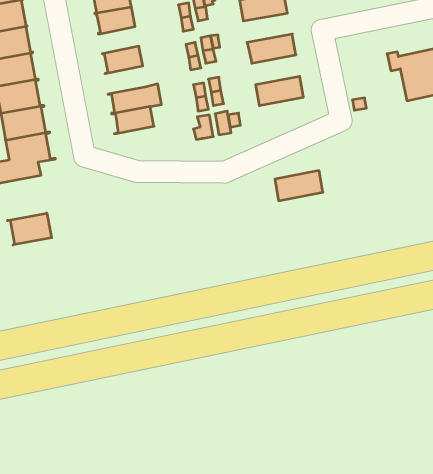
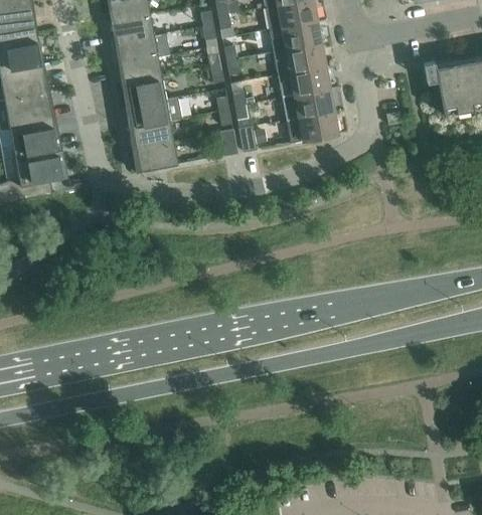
building: none -> [269,19,321,50]
building: none -> [114,33,157,62]
building: none -> [278,63,329,96]
building: none -> [121,75,165,106]
building: none -> [131,140,177,170]
building: [275,171,323,201] -> [286,109,337,141]
building: [7,213,52,245] -> none

